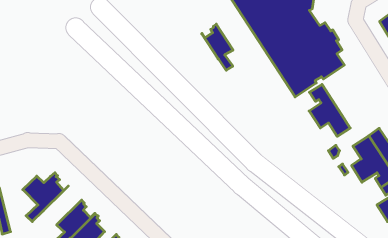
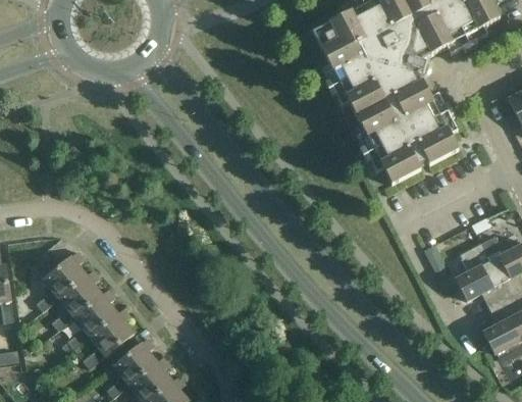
building: [202,24,233,70] -> none
building: [309,84,350,136] -> none
building: none -> [51,268,108,328]

